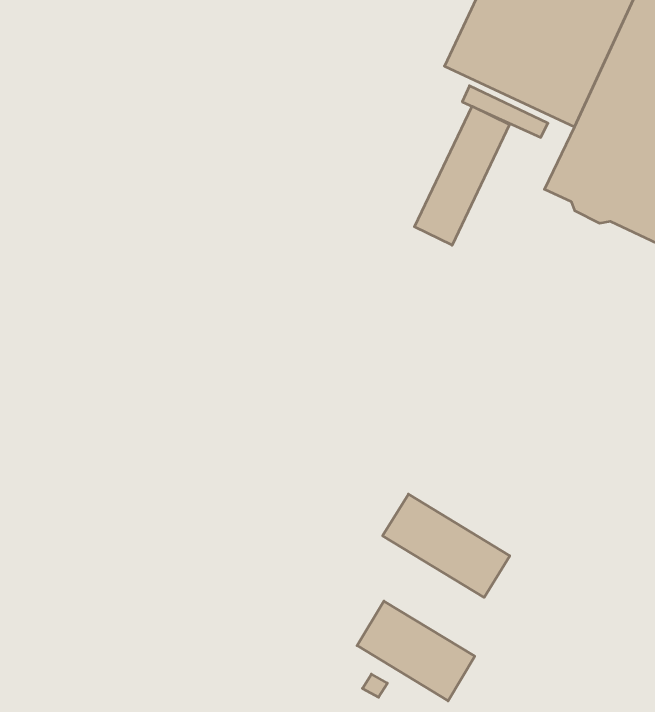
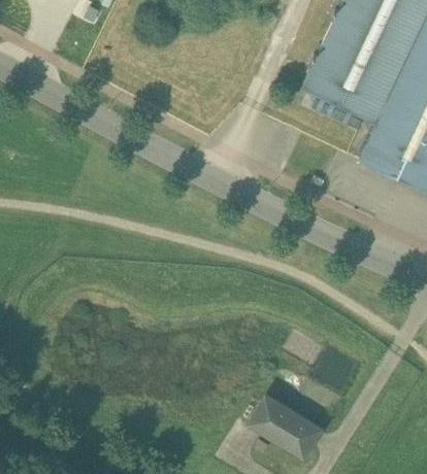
building: [414,106,510,245] -> none
building: [383,494,510,597] -> none

